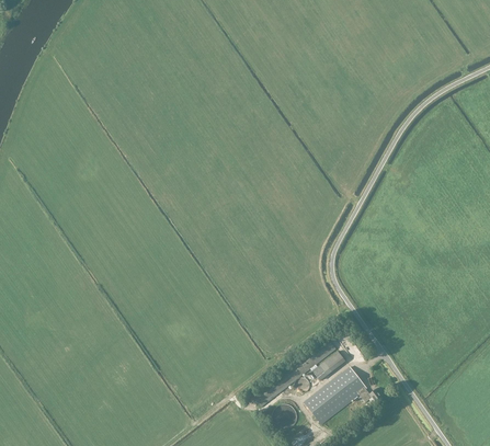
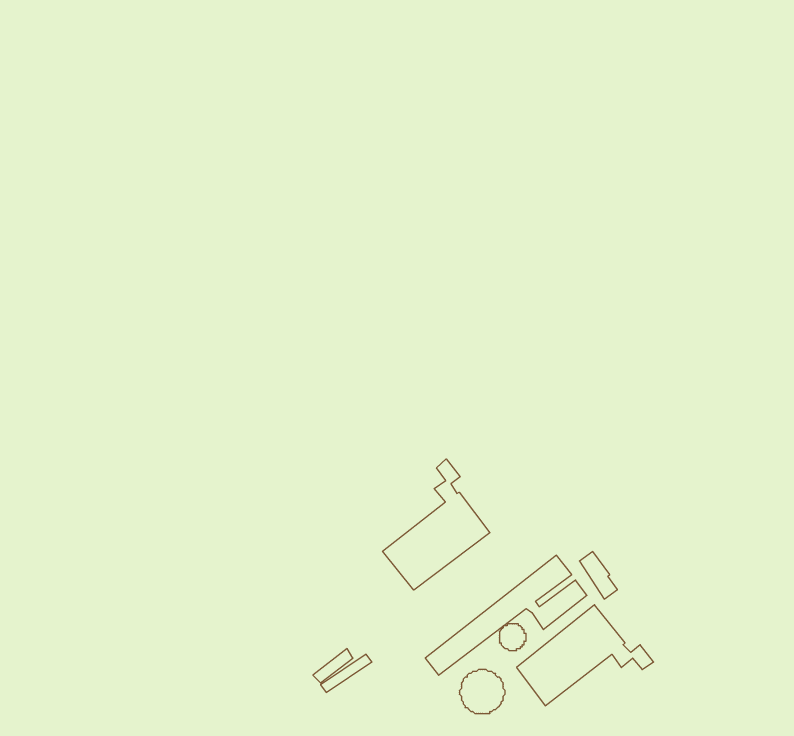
building: none -> [383,459,490,590]

